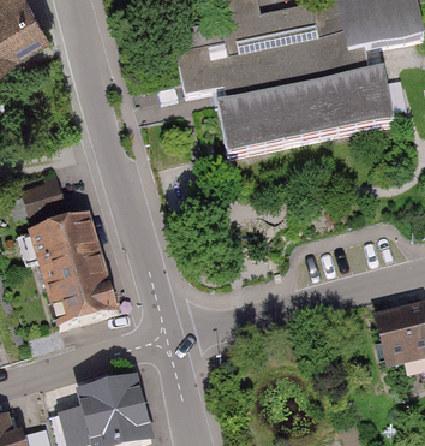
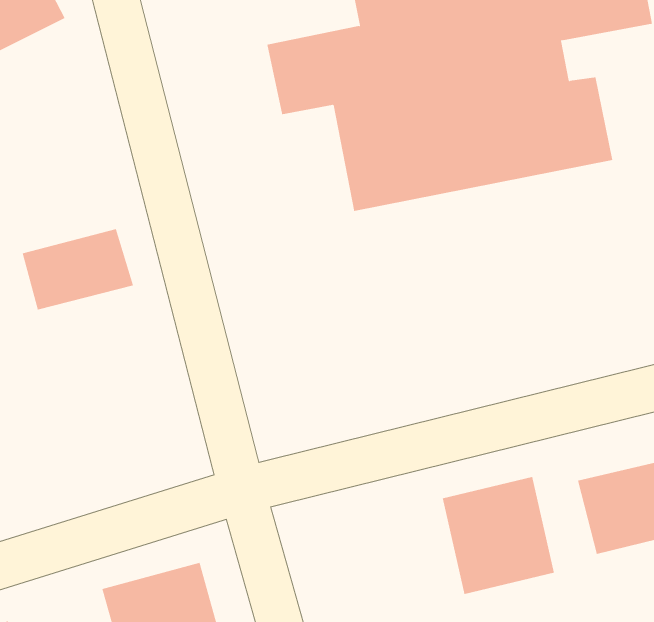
building: [22,212,115,325] -> none
building: none -> [442,476,555,595]

